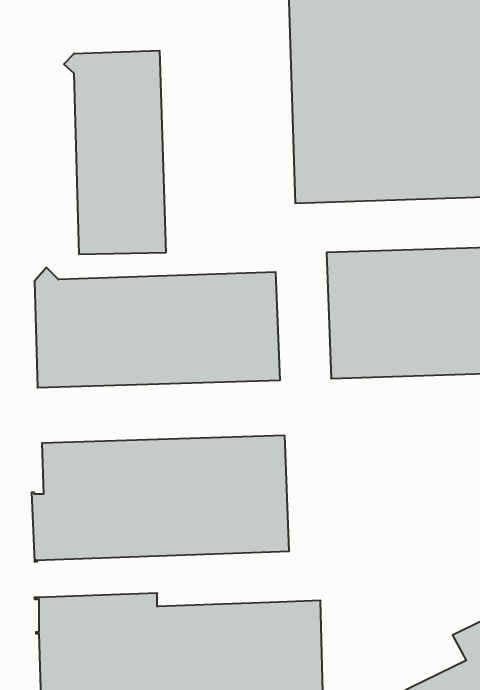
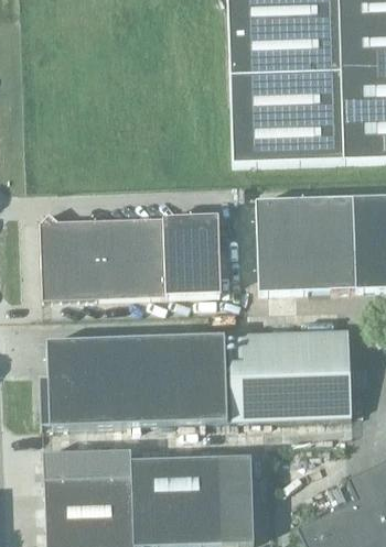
building: [64,51,166,254] -> none
building: none -> [230,328,352,420]

